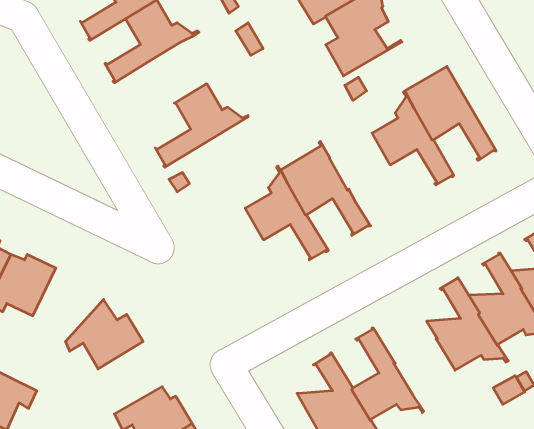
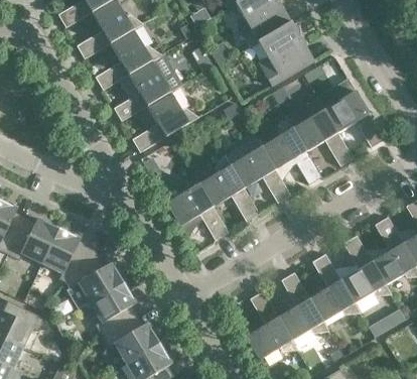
building: none -> [114,55,183,122]
building: none -> [262,116,322,184]
building: none -> [154,171,230,240]
building: none -> [42,228,95,282]
building: none -> [309,253,363,322]
building: none -> [91,282,138,336]

